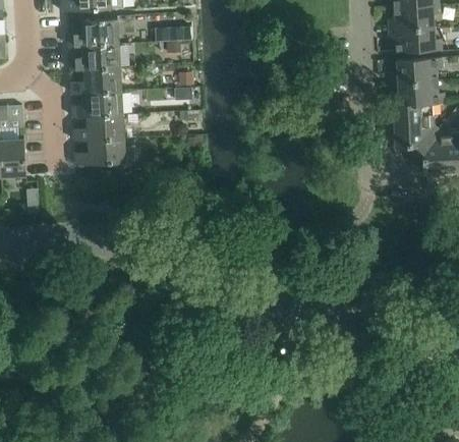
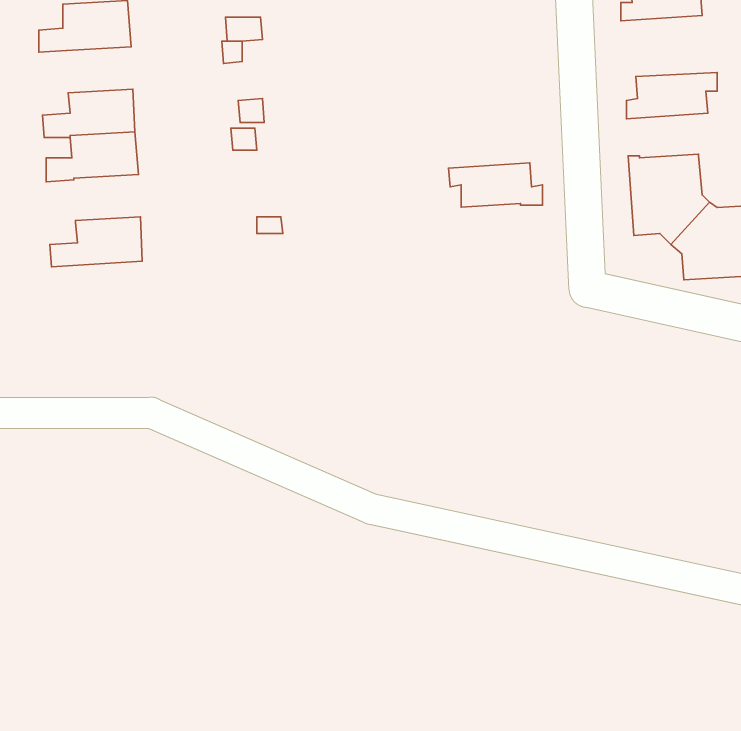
building: [389,26,441,52] -> none
building: [69,44,120,70] -> none
building: [392,80,444,105] -> [448,163,543,207]
building: [73,114,124,142] -> none

